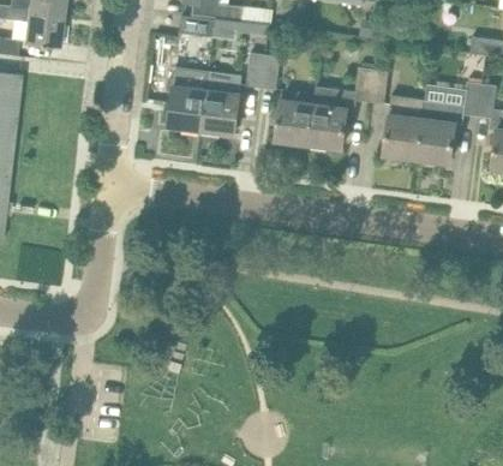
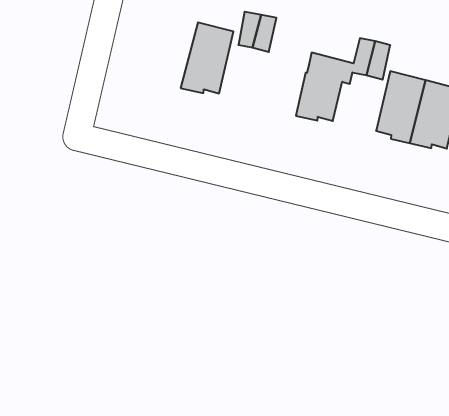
building: [167,66,208,132] -> none
building: [275,102,312,147] -> none

